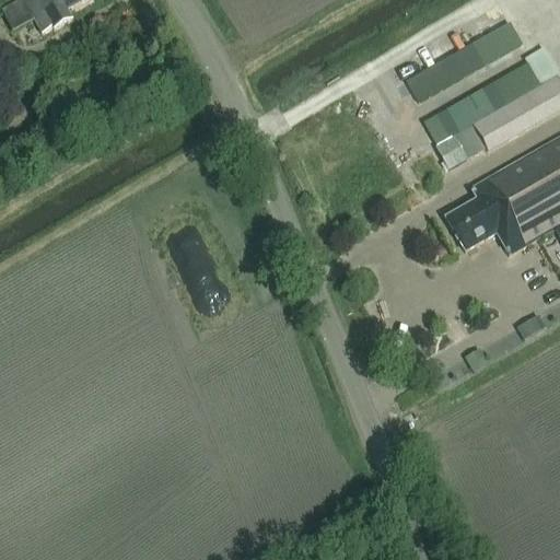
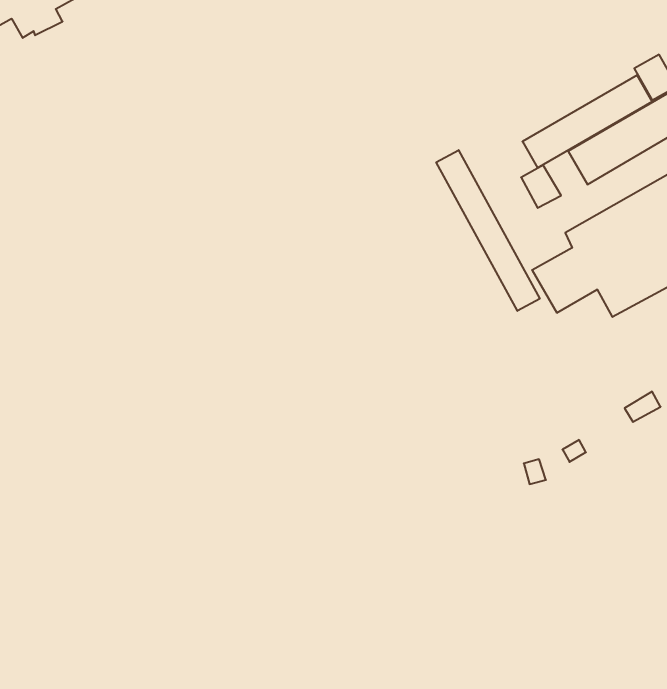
building: [407,21,522,98] -> none
building: none -> [436,150,540,311]

